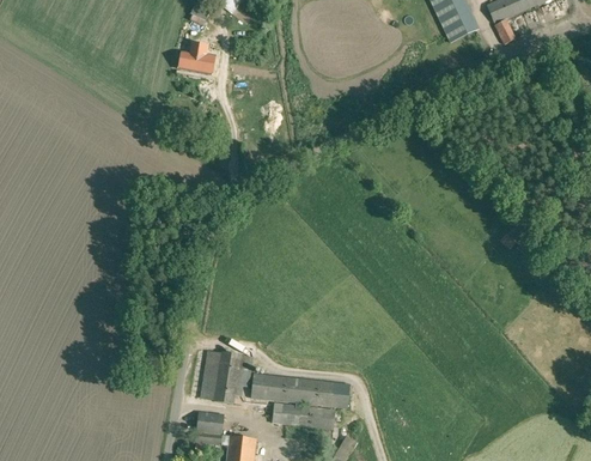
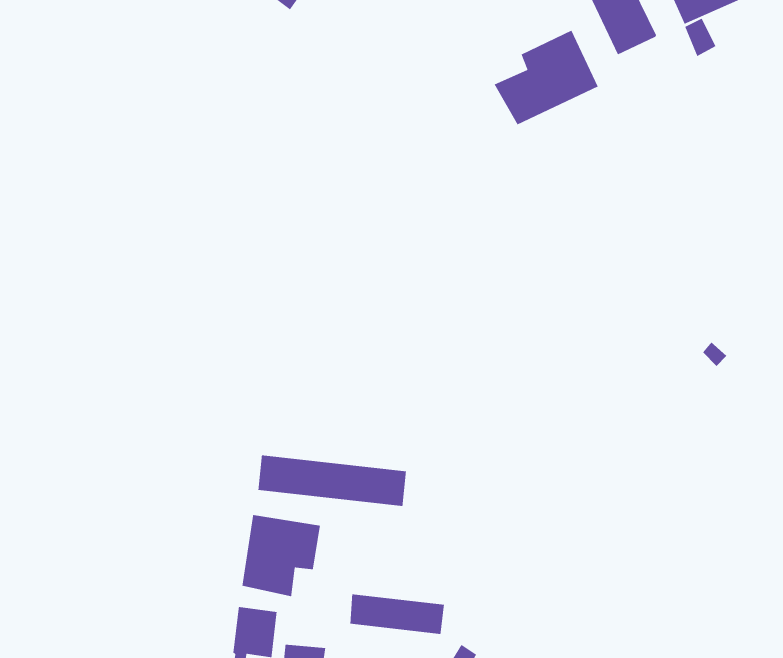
building: none -> [494,30,599,125]
building: [178,43,214,74] -> none
building: [250,374,349,408] -> [257,455,407,507]

